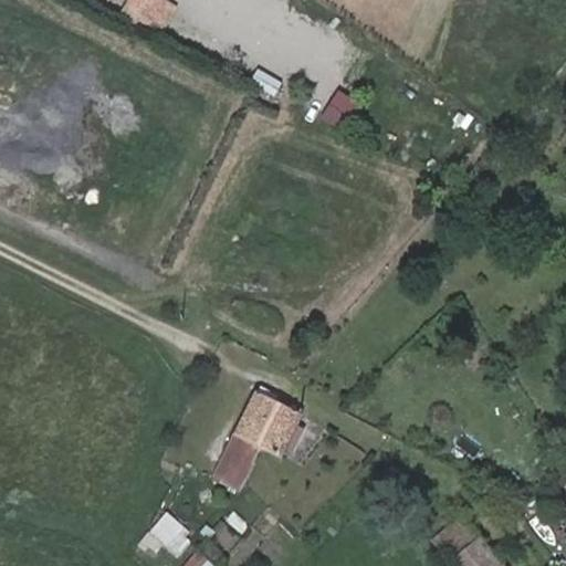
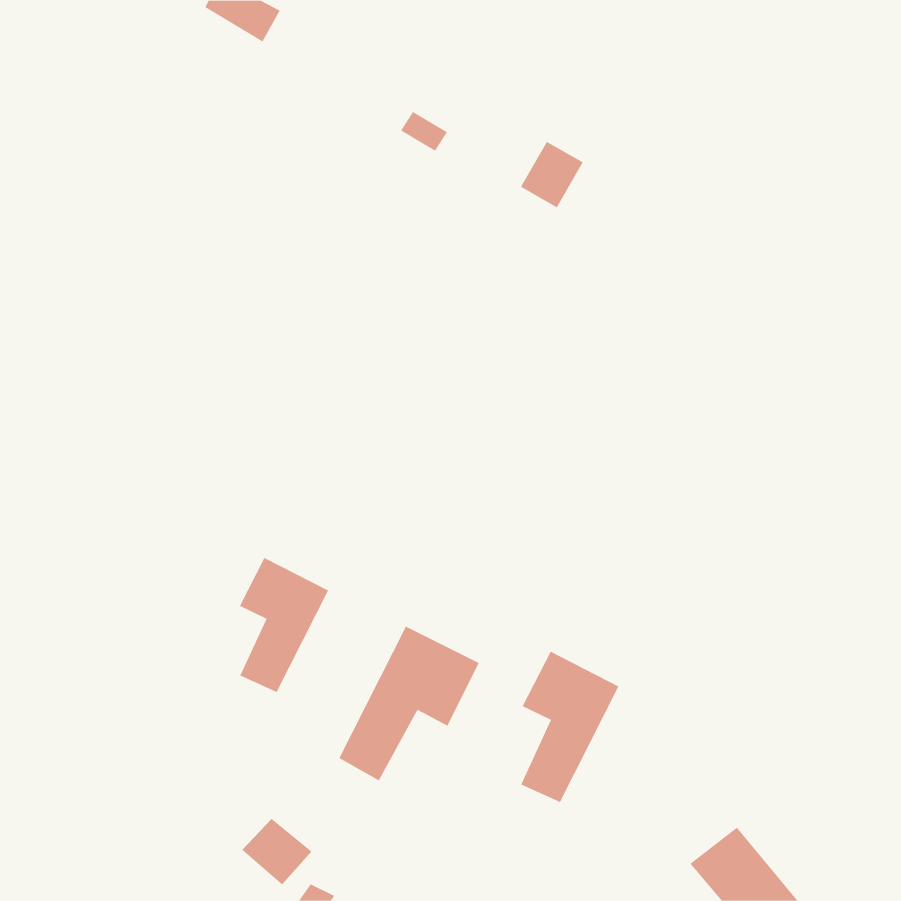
building: none -> [239,557,329,693]
building: none -> [521,651,619,803]

